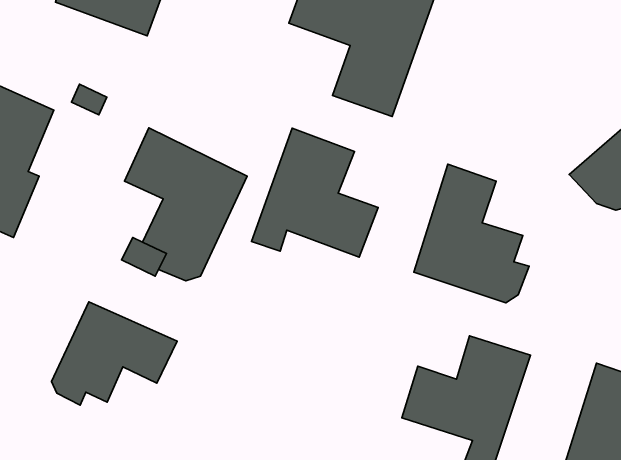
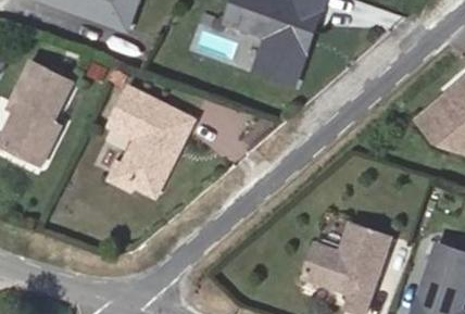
building: [252,128,378,257] -> none
building: [414,164,529,303] -> none
building: [52,302,177,405] -> none

